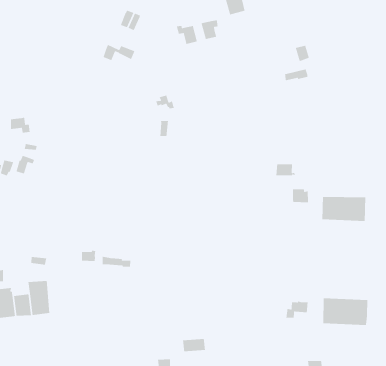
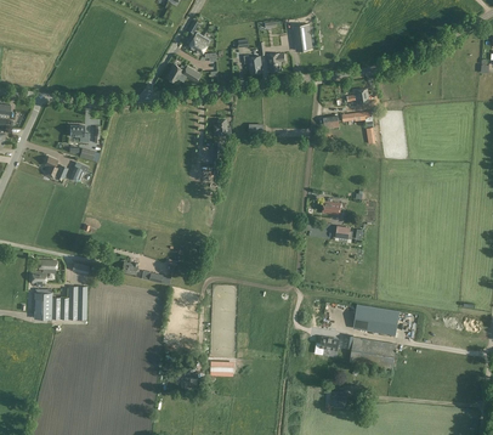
building: [321,196,366,222] -> [352,304,398,334]

